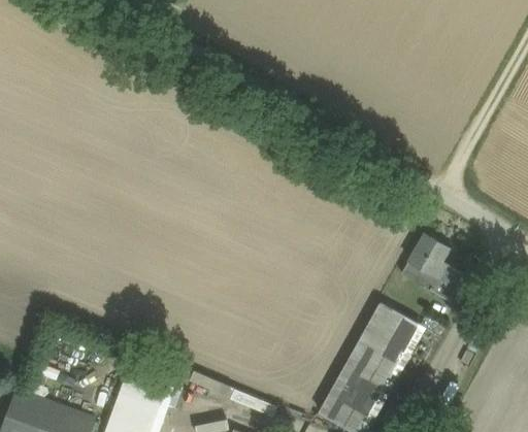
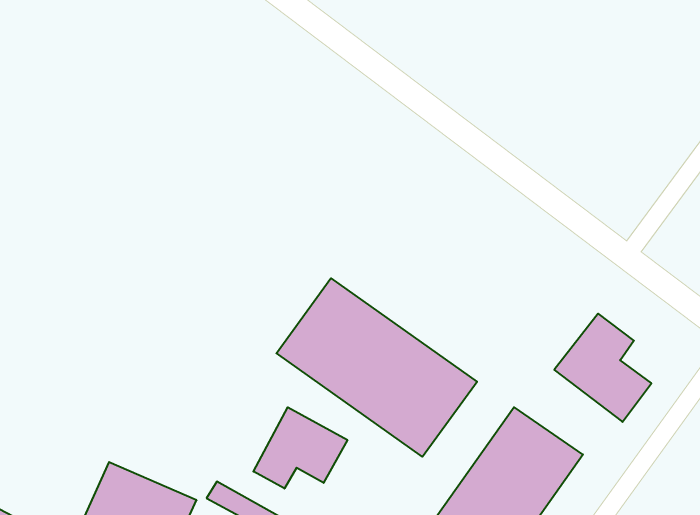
building: none -> [276,278,477,457]
building: none -> [253,407,347,489]

